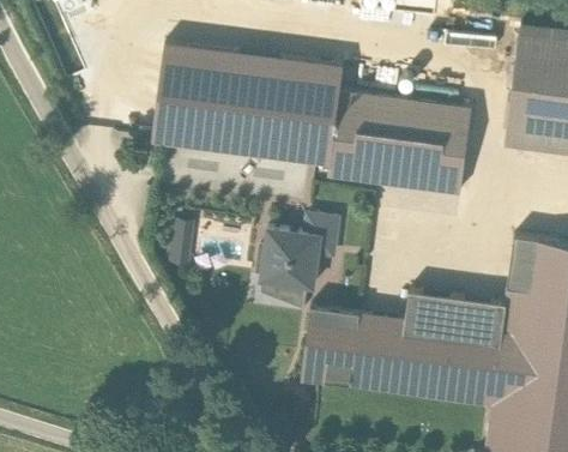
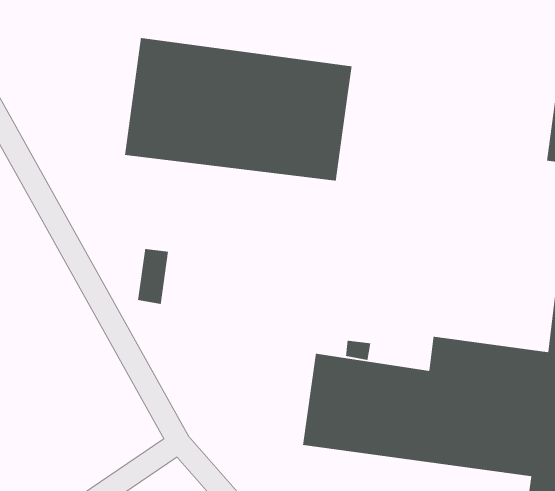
building: [330,92,472,194] -> none
building: [259,216,343,308] -> none

